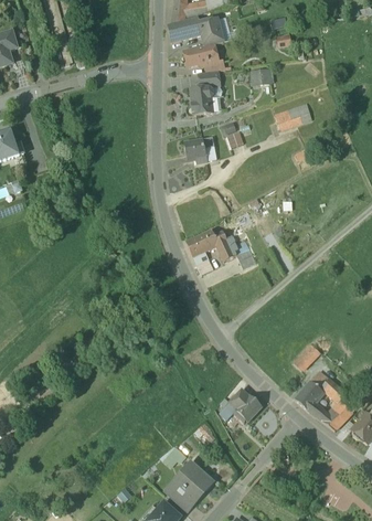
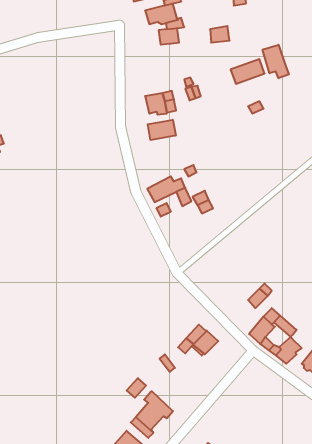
building: [190,86,215,114] -> none
building: none -> [263,45,289,78]
building: none -> [148,120,176,140]

